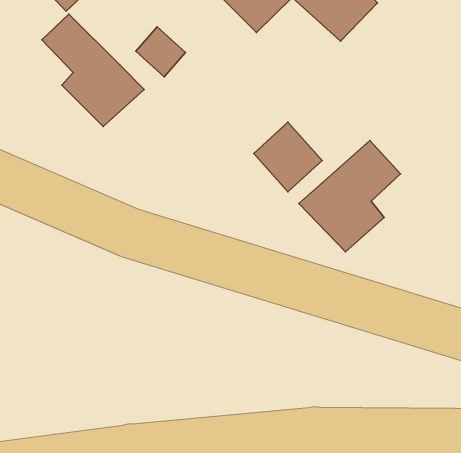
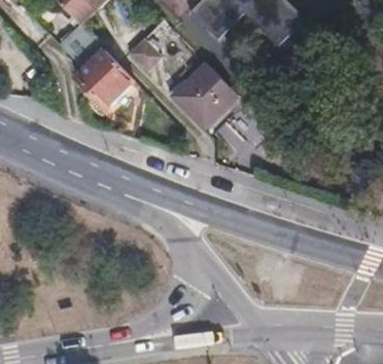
building: none -> [172,63,237,128]
building: [299,141,400,252] -> none

